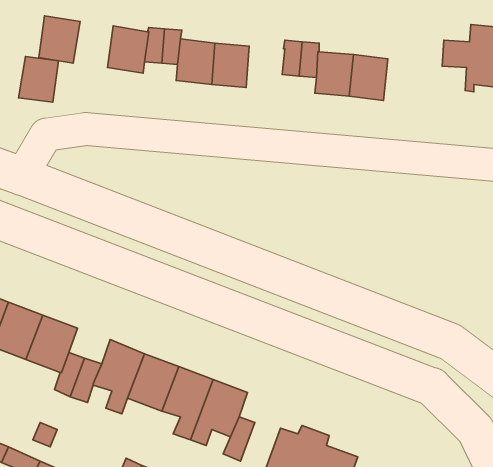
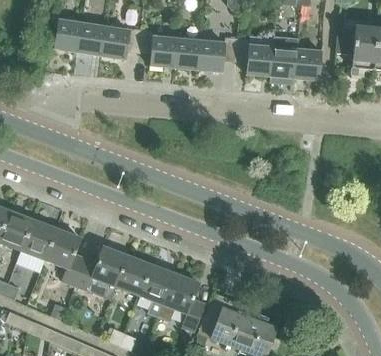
building: none -> [198,40,224,71]
building: [18,56,58,102] -> [77,23,105,55]
building: none -> [294,49,321,80]

